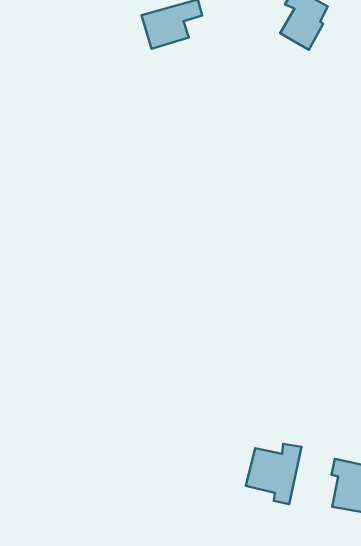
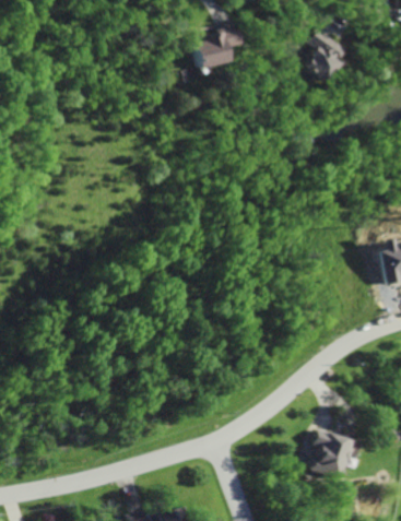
building: [246,444,302,504] -> none

